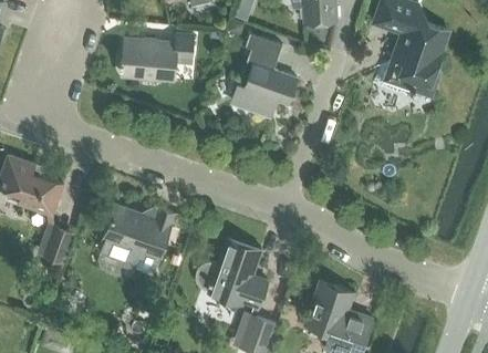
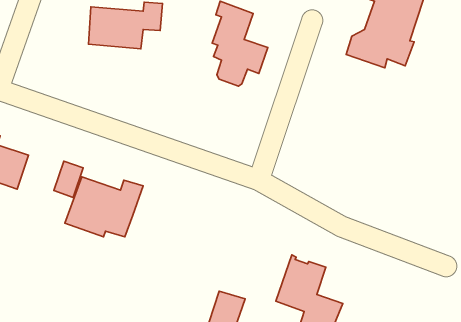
building: [43,228,72,263] -> [54,161,83,197]
building: [196,241,268,309] -> none

